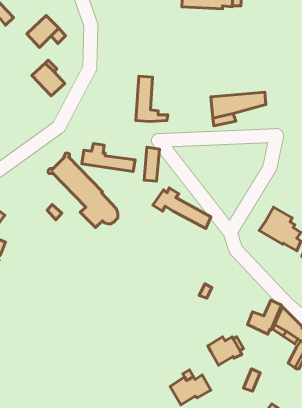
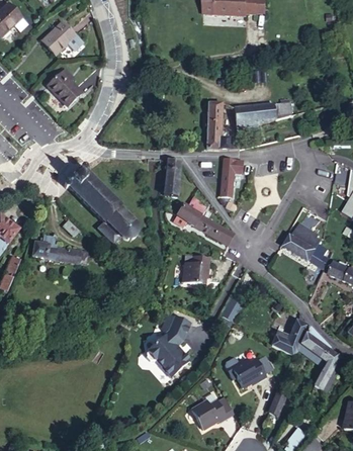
building: [136,76,168,122] -> [205,102,239,150]
building: [82,143,135,171] -> [31,235,87,264]
building: none -> [220,158,242,197]
building: none -> [182,256,209,284]
building: none -> [145,312,190,373]

